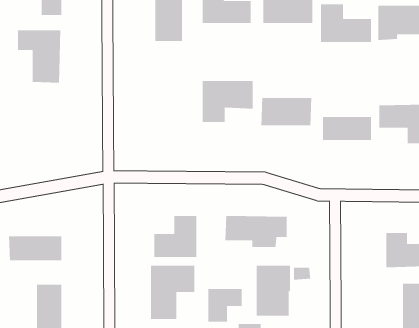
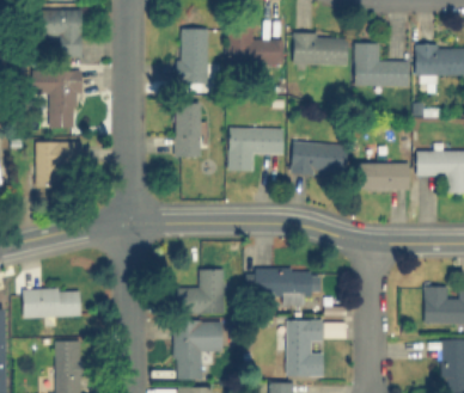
building: none -> [175,104,201,158]
building: none -> [36,143,83,186]
building: [208,288,242,322] -> none

